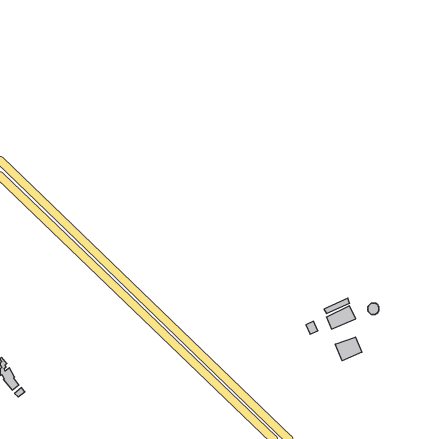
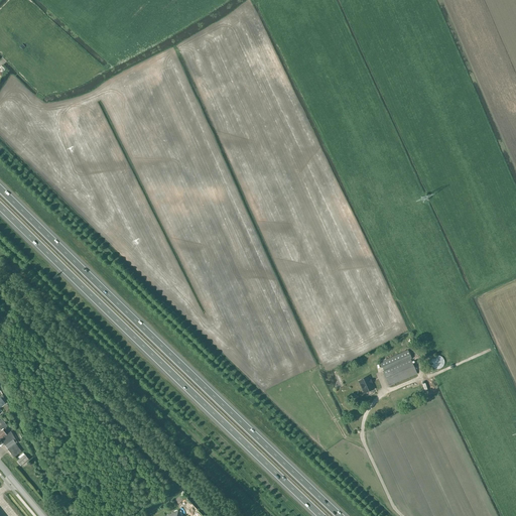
building: [335,337,362,361] -> none

